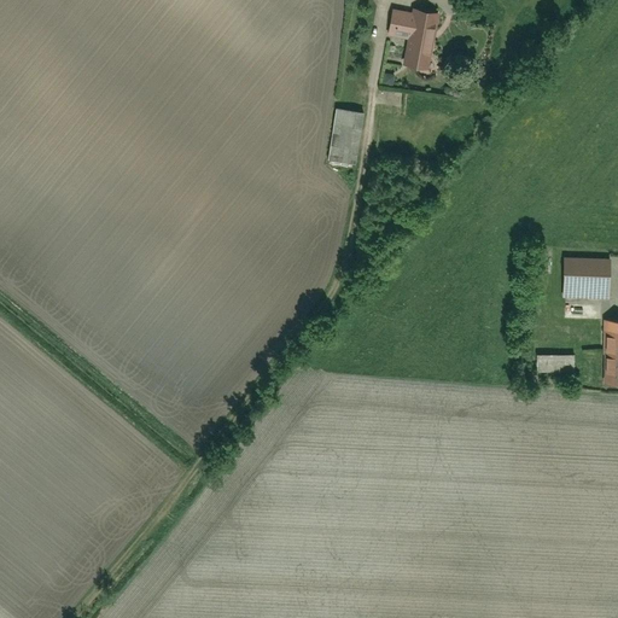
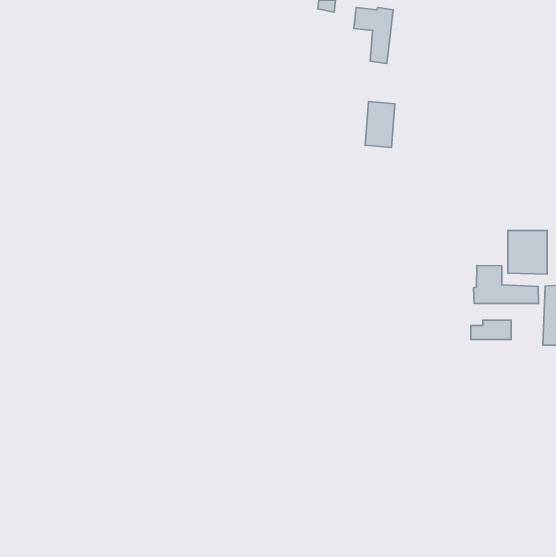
building: [332,111,365,162] -> [365,102,395,147]
building: none -> [474,265,539,304]

